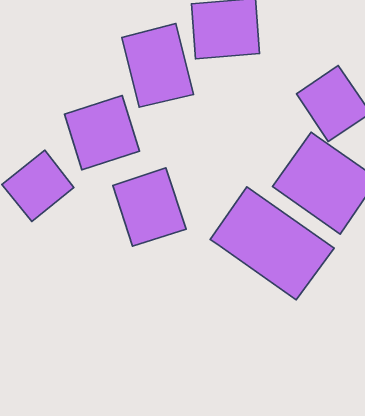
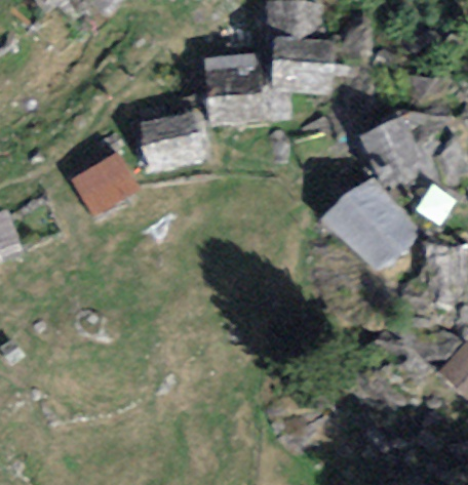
building: [113,168,186,246] -> none
building: [210,187,334,300] -> none

